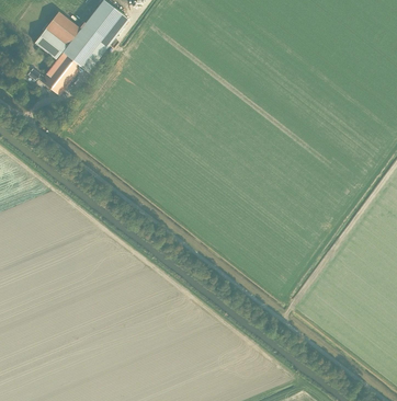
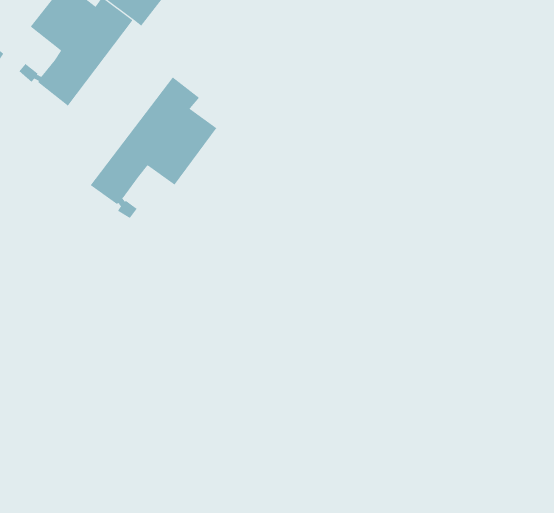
building: none -> [90,77,217,219]

